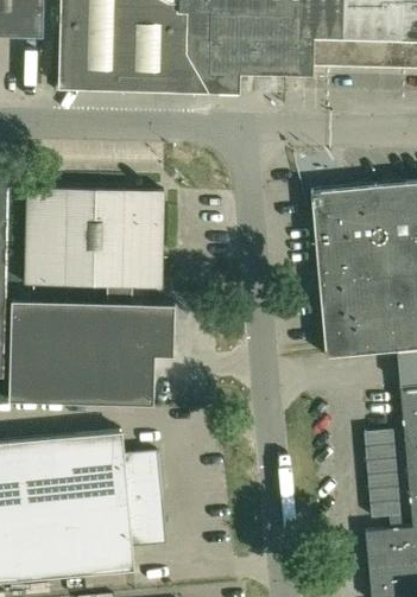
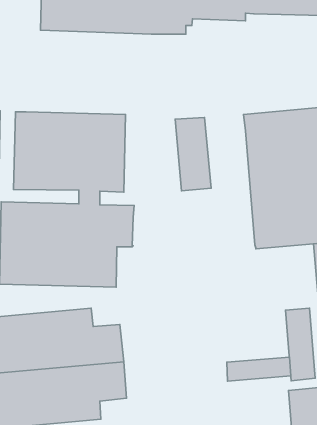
building: none -> [175,117,211,191]
building: none -> [227,357,291,381]

